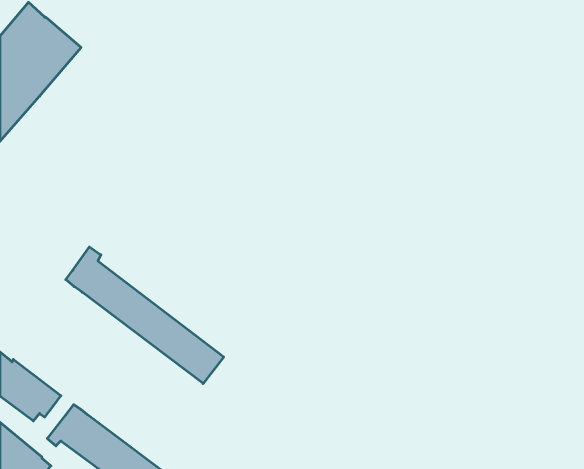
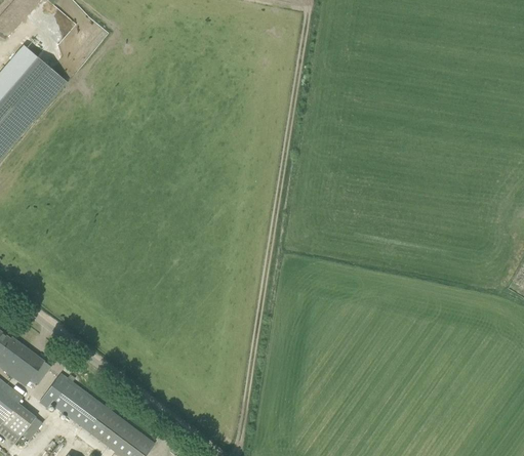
building: [66,247,224,384] -> none

